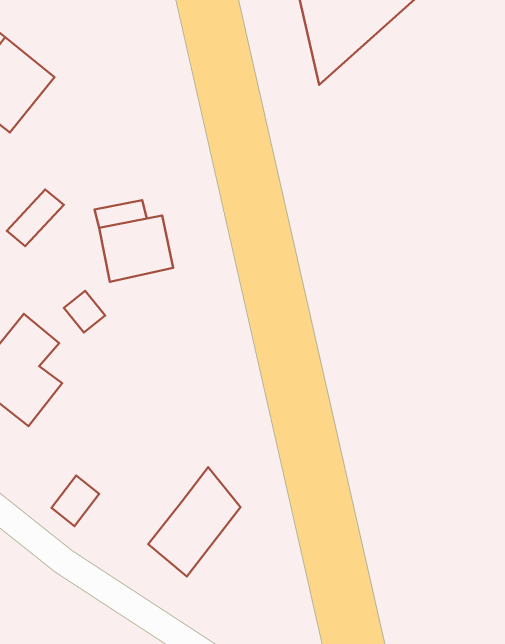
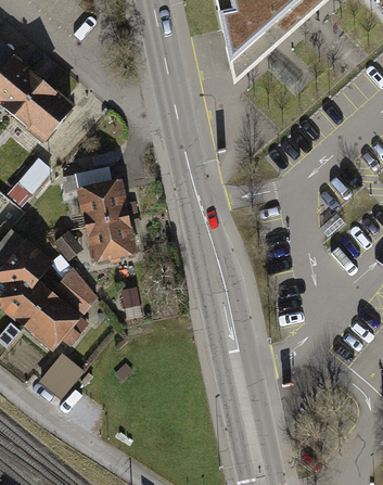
building: none -> [15,78,75,140]
building: none -> [86,213,139,259]
building: [148,467,241,576] -> [28,270,93,347]

